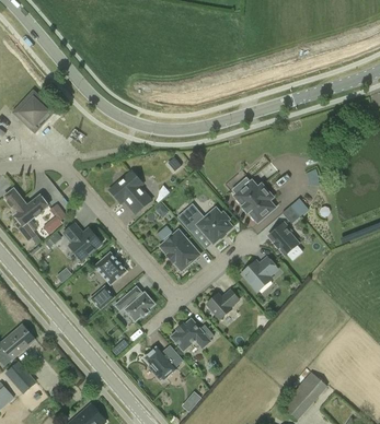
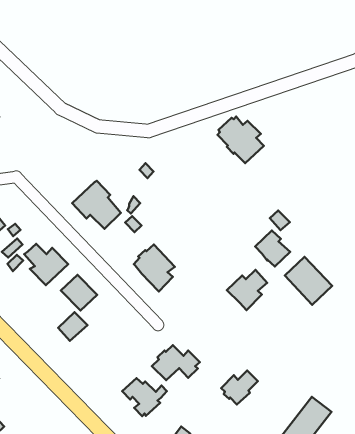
building: [234,179,275,221] -> [217,116,264,163]
building: [177,205,233,243] -> none
building: none -> [285,257,332,305]
building: [115,285,154,320] -> none
building: [206,288,239,318] -> [221,371,258,405]

